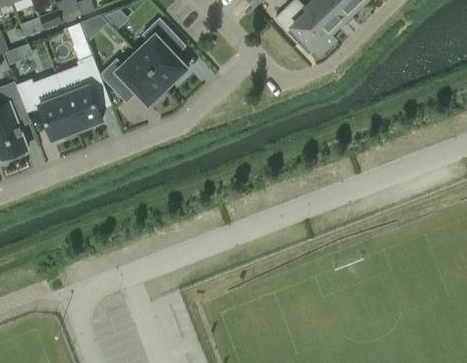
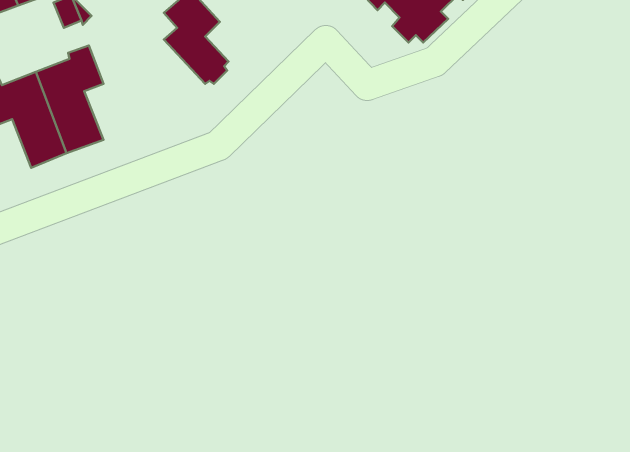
building: [101,52,171,105] -> none

